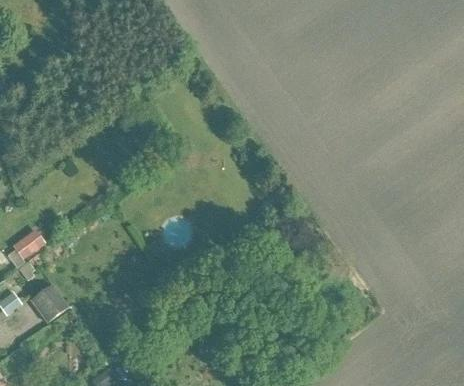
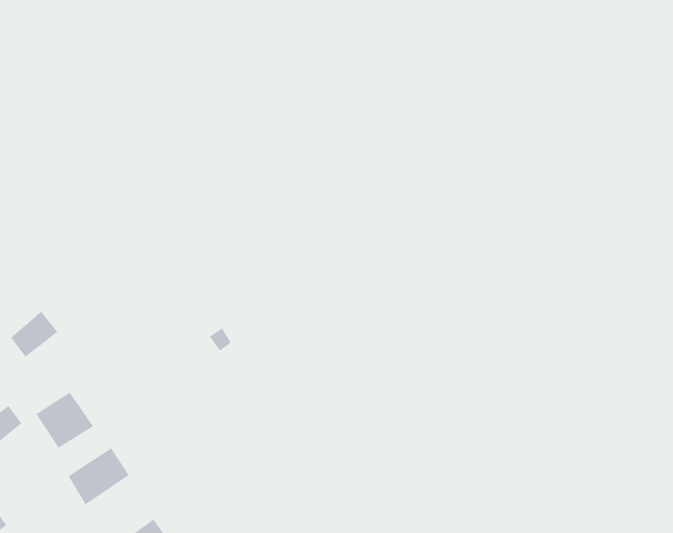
building: none -> [68,447,130,505]

